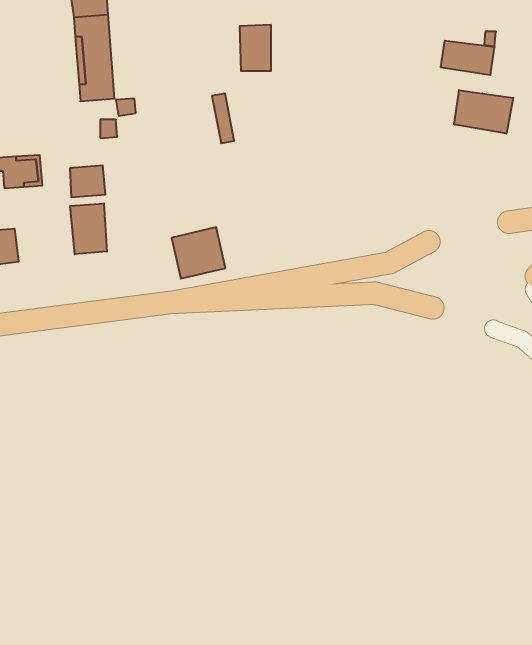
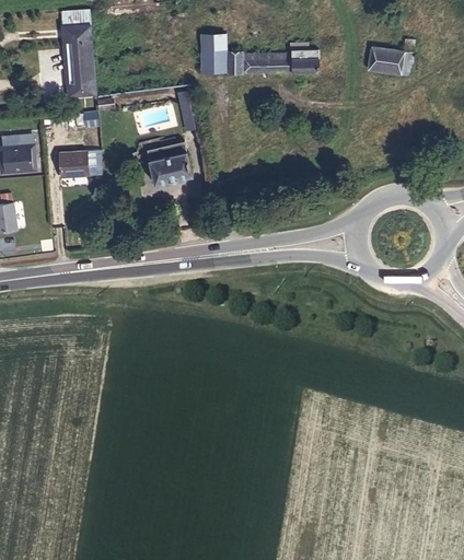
building: none -> [227,42,318,72]
building: [454,90,513,134] -> none
building: [70,203,107,254] -> none
building: [172,227,225,279] -> [147,140,192,183]

